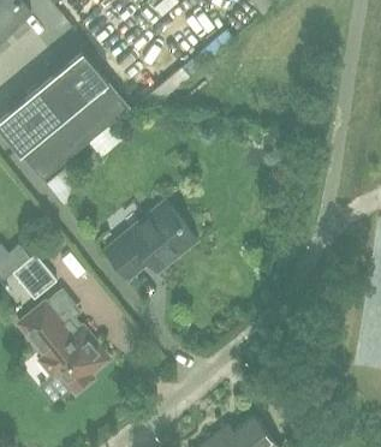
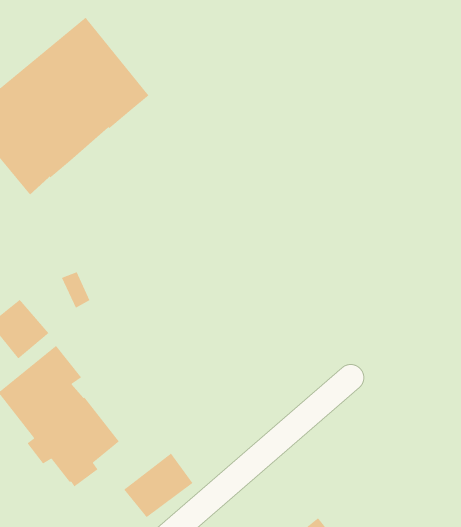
building: [106,205,195,280] -> none
building: none -> [123,453,194,518]

